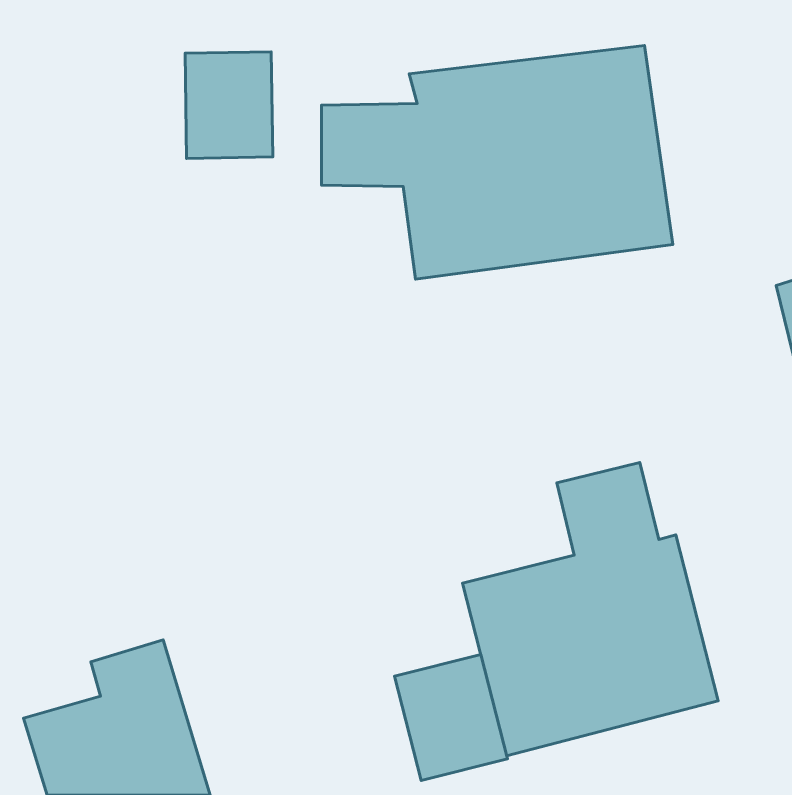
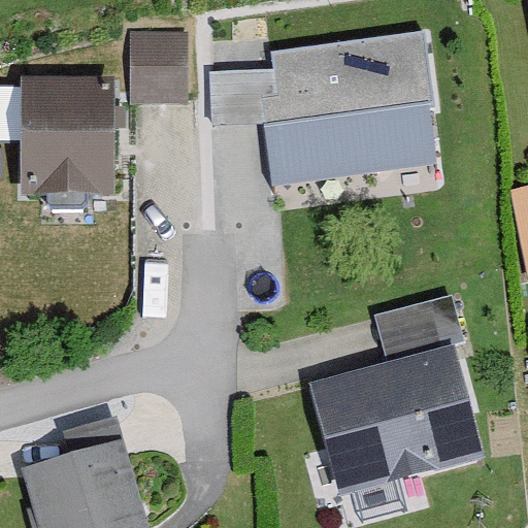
building: none -> [16,79,114,192]
building: [395,654,507,781] -> none

